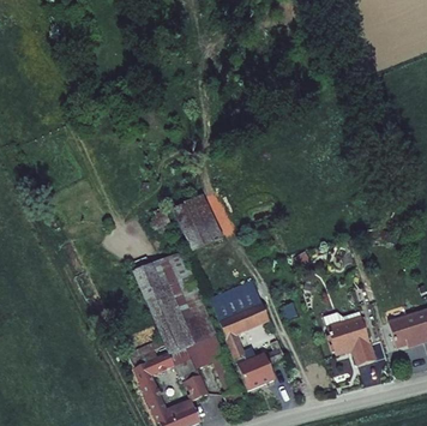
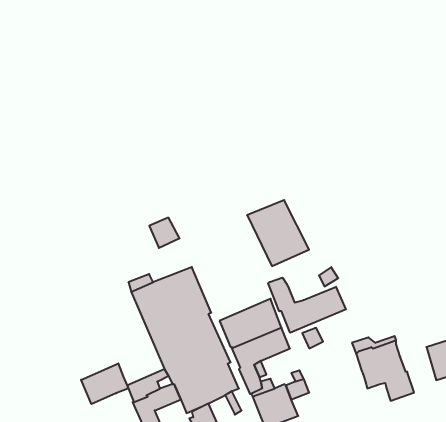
building: [172,194,225,252] -> [247,200,309,266]
building: none -> [268,278,346,333]
building: none -> [81,363,128,404]

